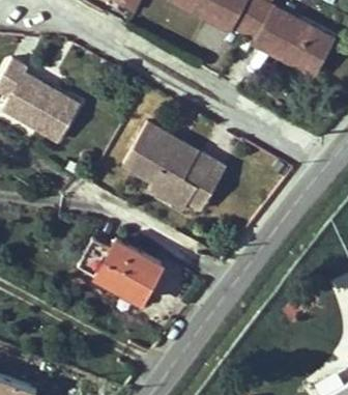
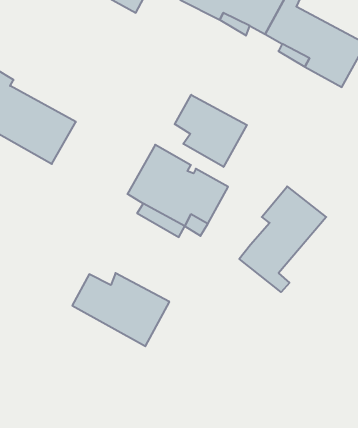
building: none -> [175,95,247,167]
building: none -> [239,186,326,292]

